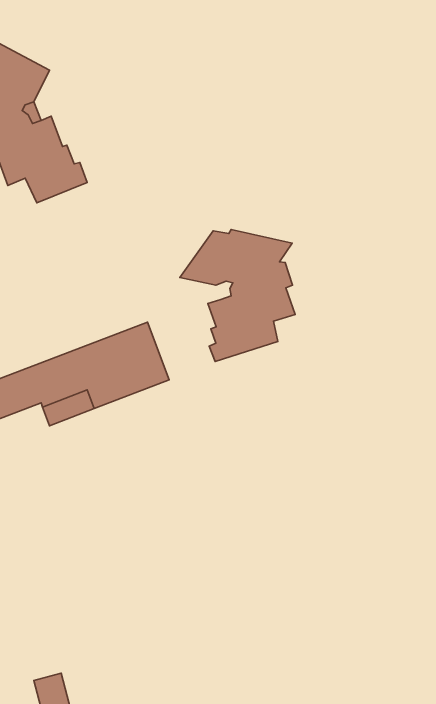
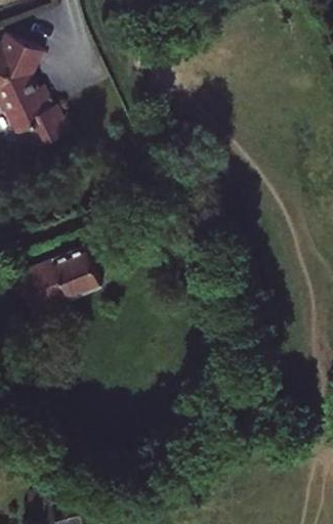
building: [180,229,295,361] -> none

